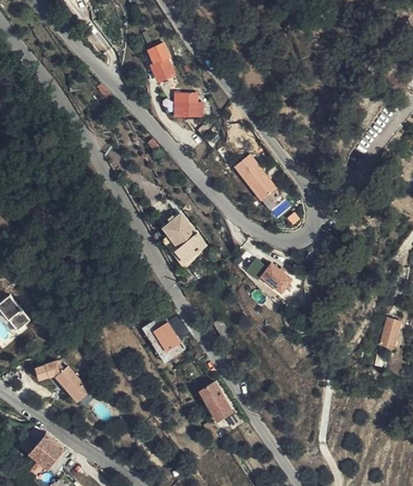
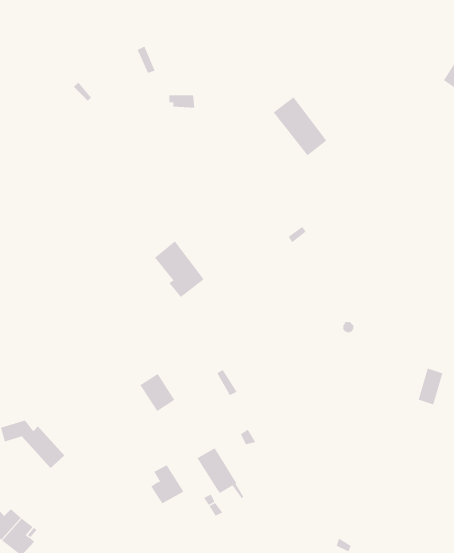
building: [231,154,276,203] -> [273,97,327,156]
building: [262,264,292,294] -> none
building: none -> [150,464,184,504]

